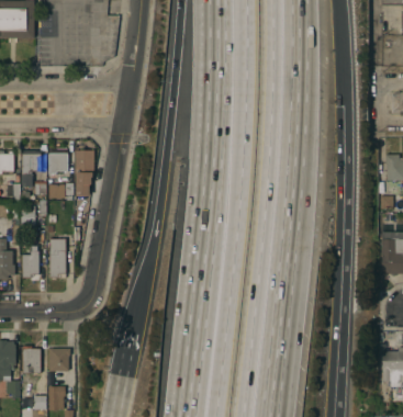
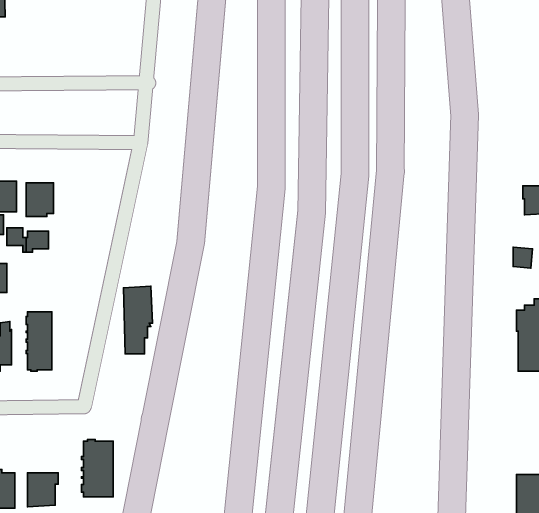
building: [75,150,94,196] -> [123,286,152,354]
building: none -> [81,439,113,497]

